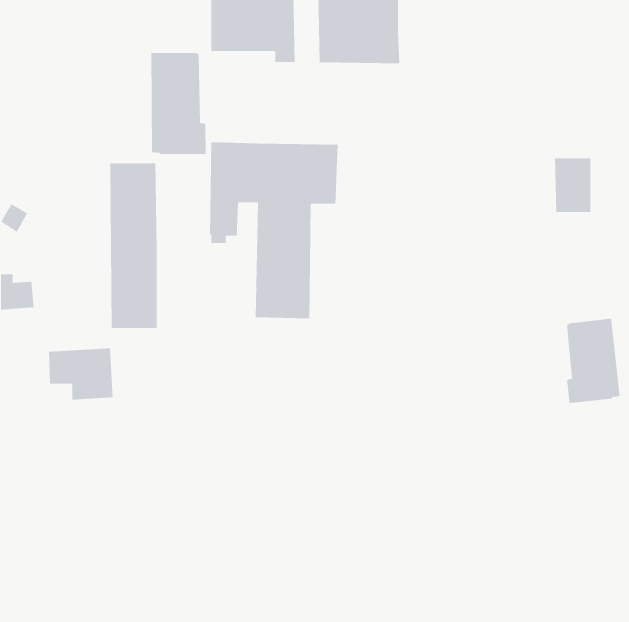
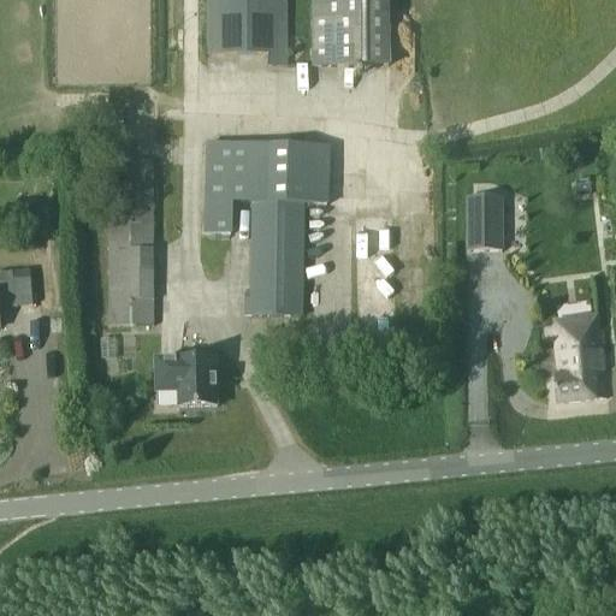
building: [150,52,207,155] -> none
building: [554,157,591,213] -> [467,192,503,247]
building: [48,347,113,400] -> [155,354,219,405]

